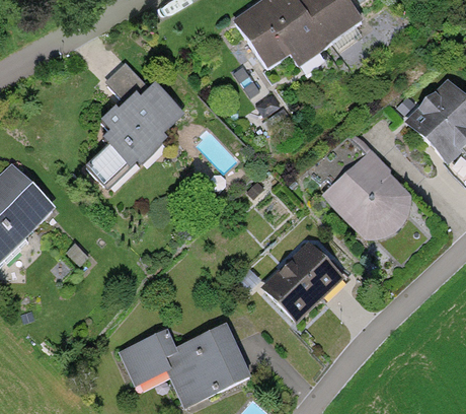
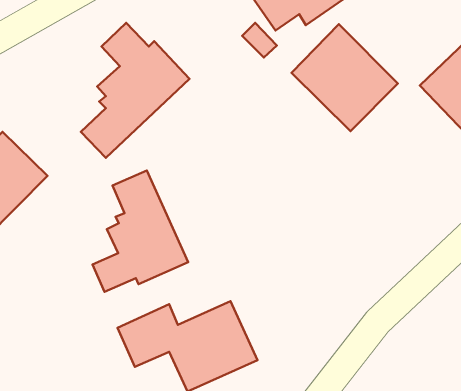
building: [321,154,421,255] -> [291,24,398,131]
building: none -> [93,171,188,292]
building: [262,236,347,322] -> none

